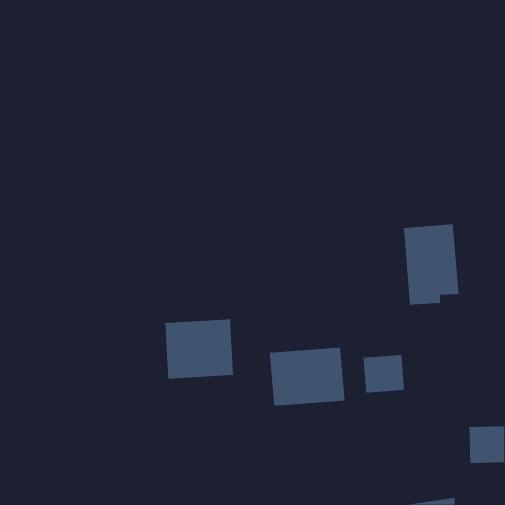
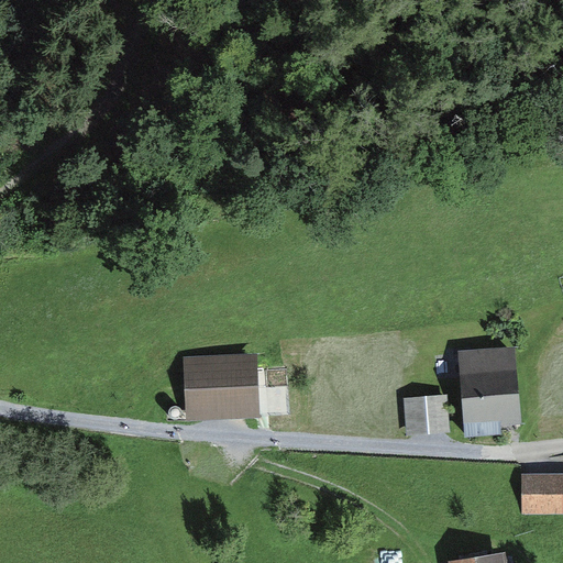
building: [403,224,460,305] -> [457,346,520,437]
building: [269,347,345,407] -> none

